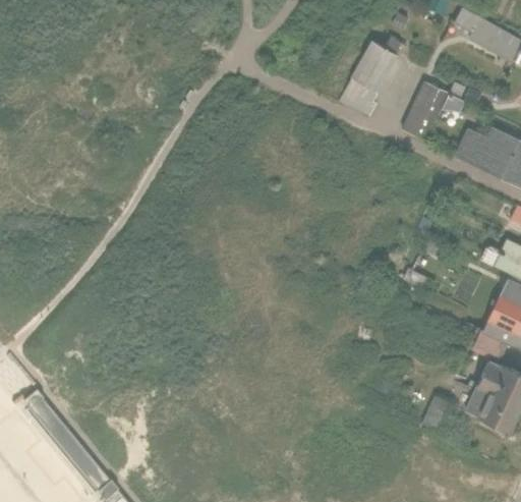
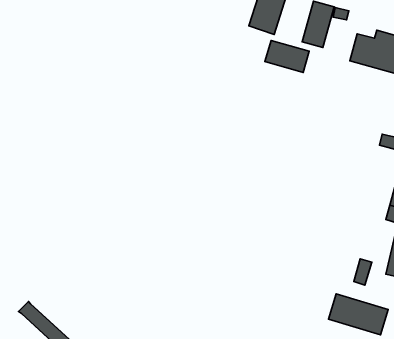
building: none -> [265,41,309,72]
building: none -> [328,294,388,335]

